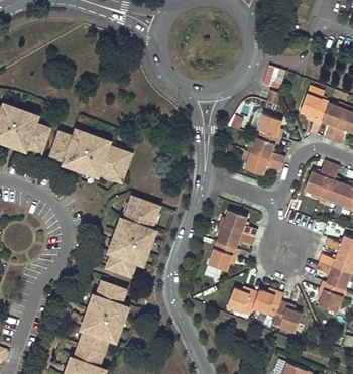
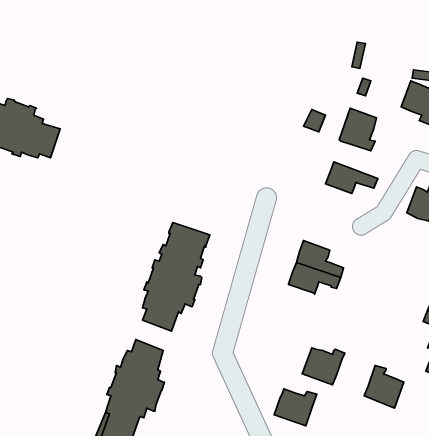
building: [51,131,131,181] -> none
building: [250,137,284,164] -> none
building: [208,241,239,271] -> none
building: [252,289,283,317] -> [274,389,317,426]

